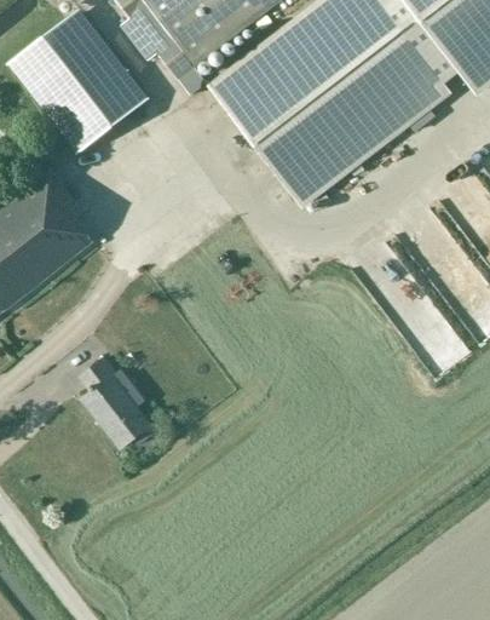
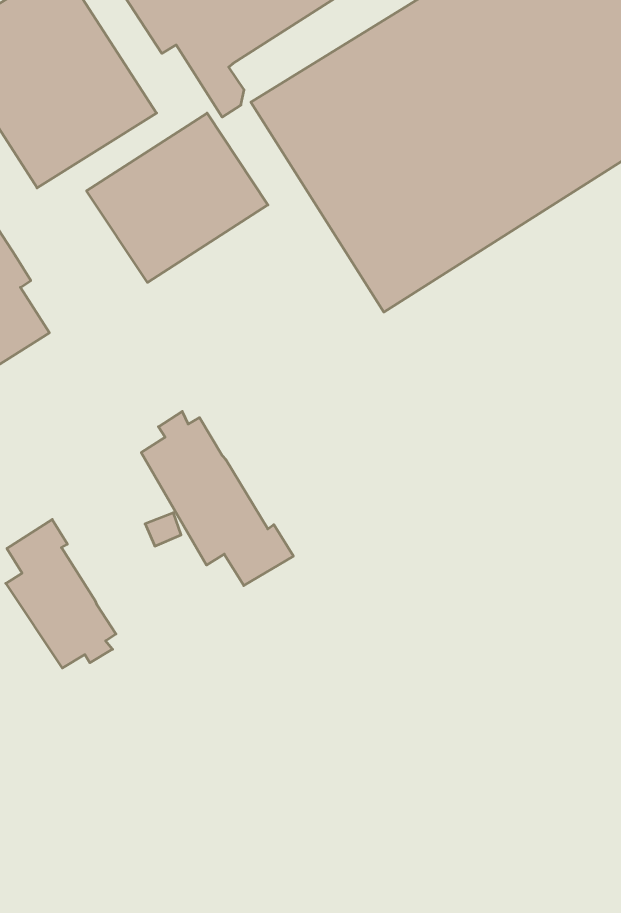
building: none -> [87,113,268,282]
building: none -> [141,411,293,586]

